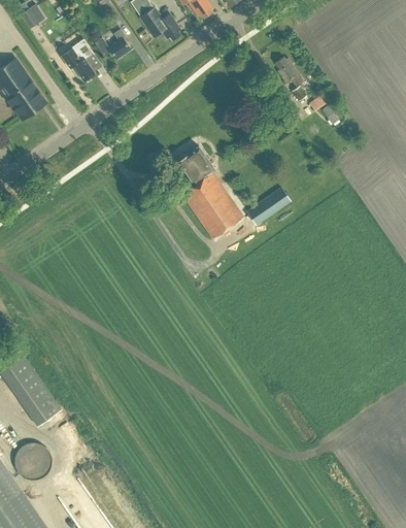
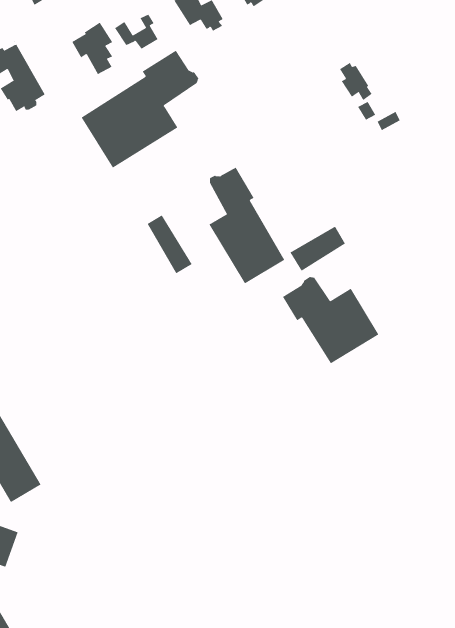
building: none -> [81,50,199,168]
building: none -> [147,214,193,274]
building: none -> [282,276,379,364]

